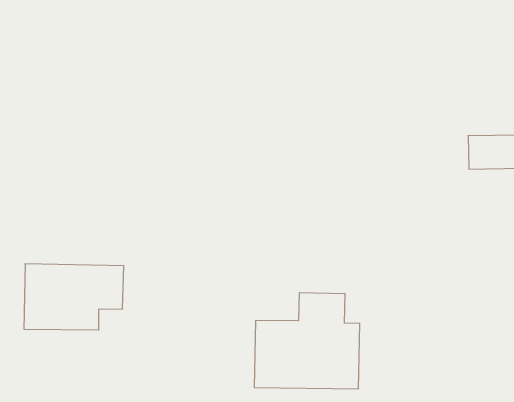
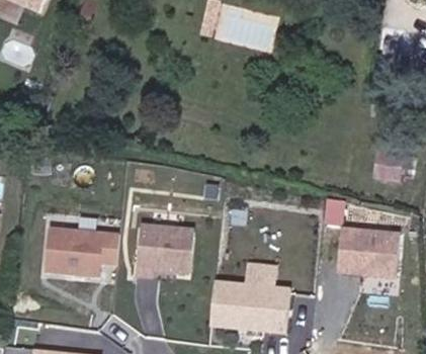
building: none -> [335,227,399,279]
building: none -> [136,223,191,277]

